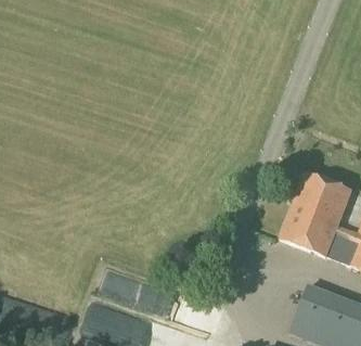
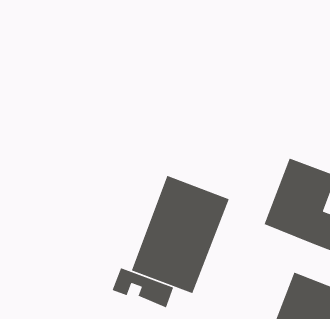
building: none -> [131,175,230,294]

